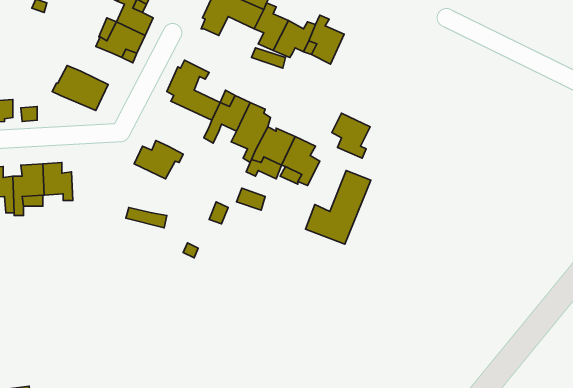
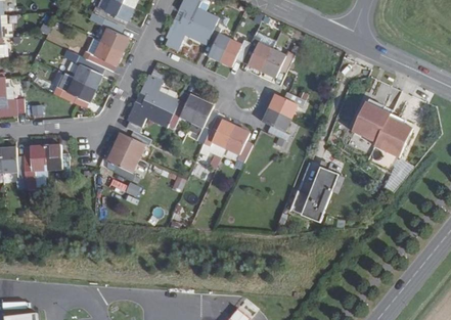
building: none -> [63,48,101,86]
building: none -> [261,48,295,78]
building: none -> [269,91,304,118]
building: none -> [125,98,172,132]
building: none -> [351,100,412,156]
building: none -> [106,145,137,180]
building: [305,170,371,244] -> [288,166,337,221]

